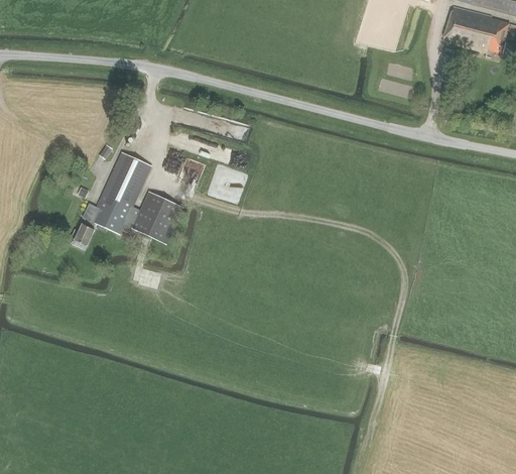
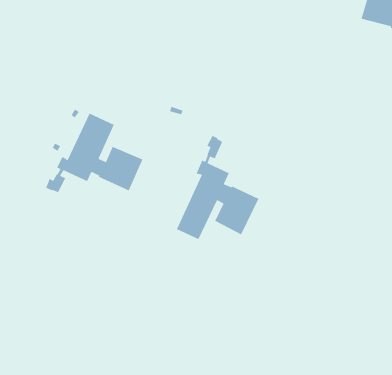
building: none -> [176,135,259,240]

